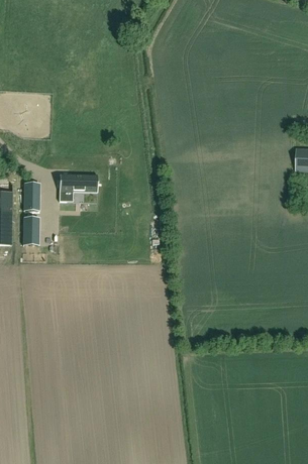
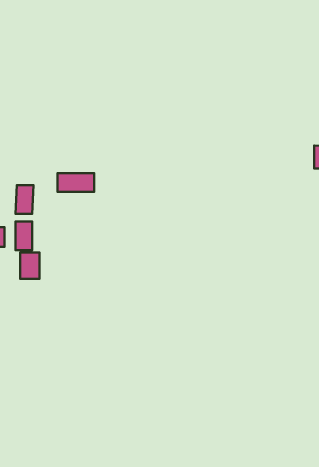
building: none -> [20,253,40,279]

